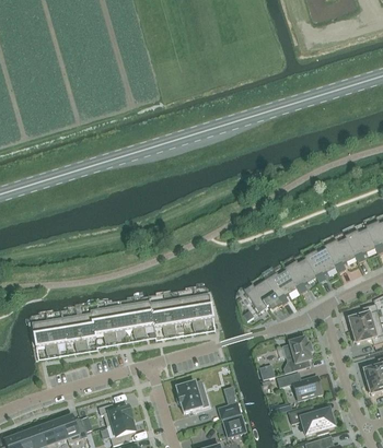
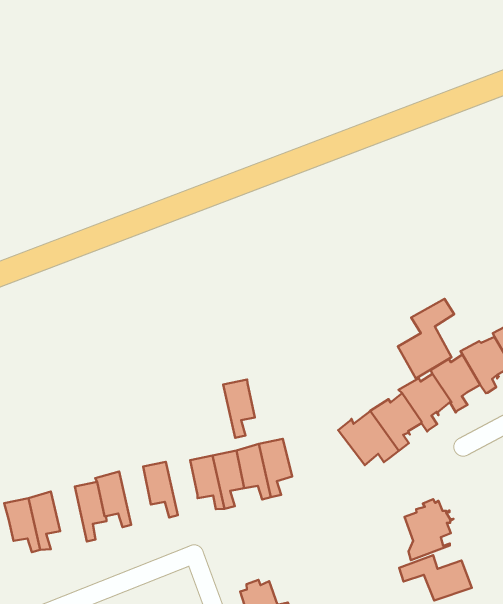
building: none -> [398,299,454,379]
building: [135,299,153,335] -> [223,380,255,438]
building: [105,304,124,340] -> none
building: [61,314,82,349] -> none

